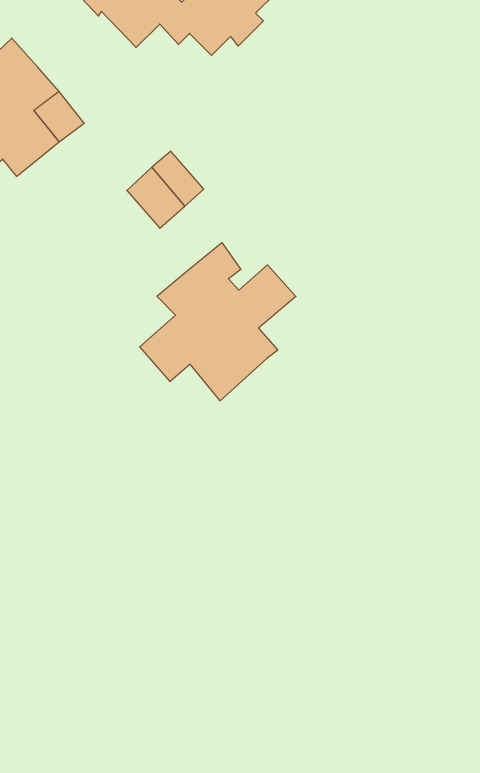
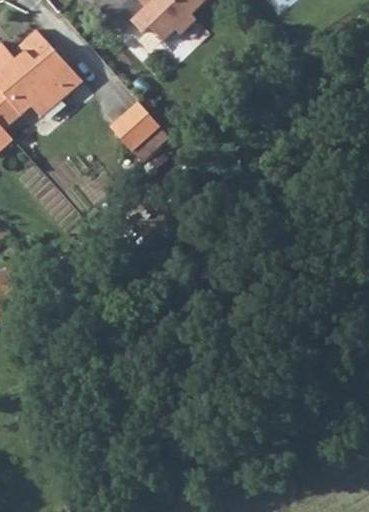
building: [140,243,296,401] -> none

